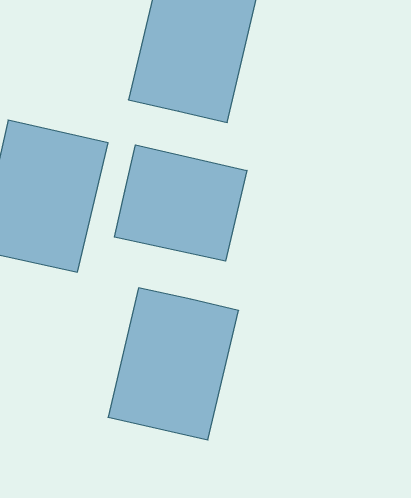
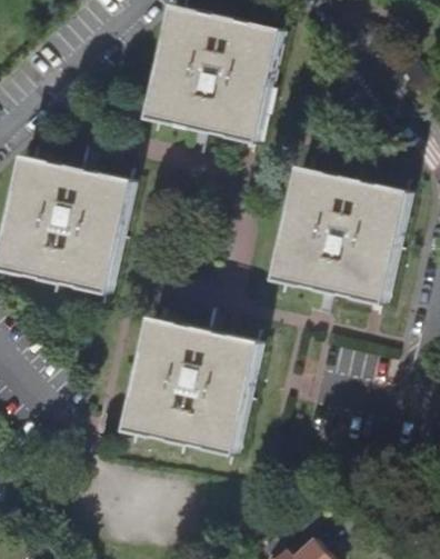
building: none -> [270,166,407,303]
building: [114,145,247,261] -> none

